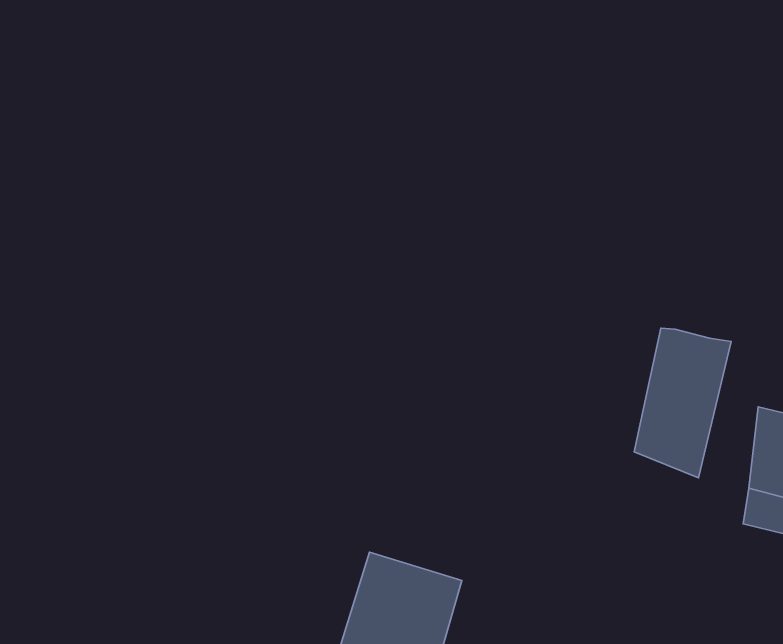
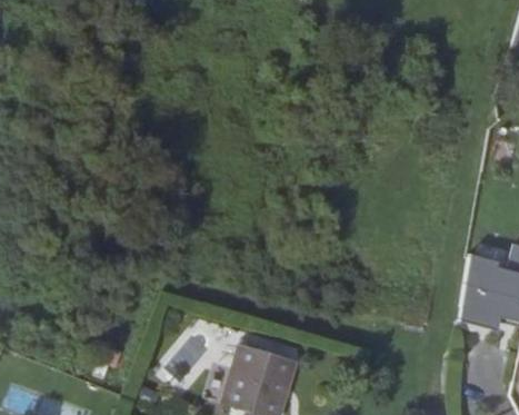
building: [634,328,731,478] -> none

